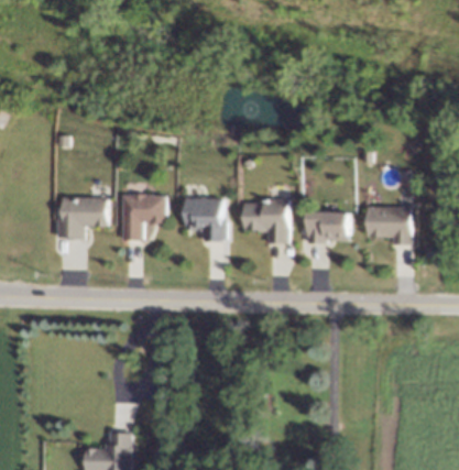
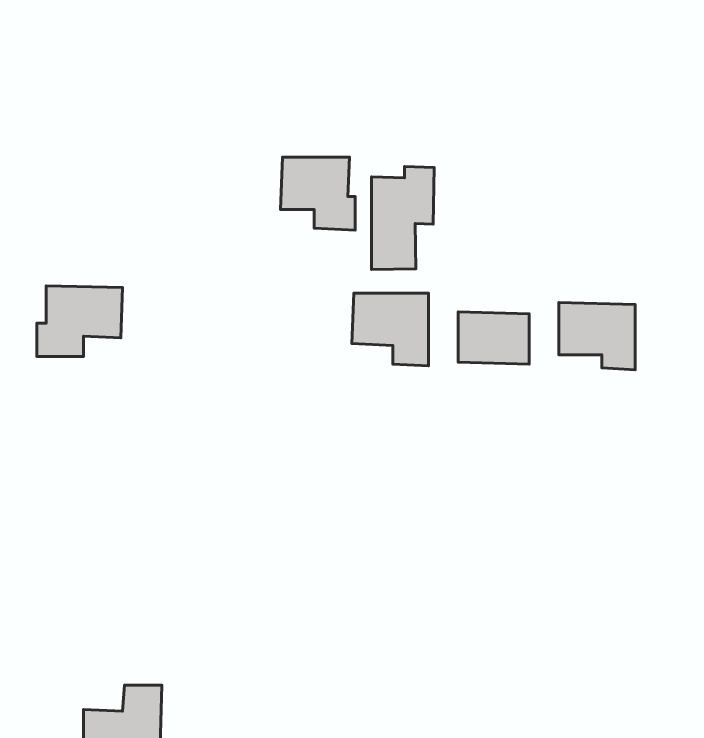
building: none -> [372,167,434,270]
building: [121,194,165,239] -> none
building: [182,198,226,241] -> [281,157,355,230]

